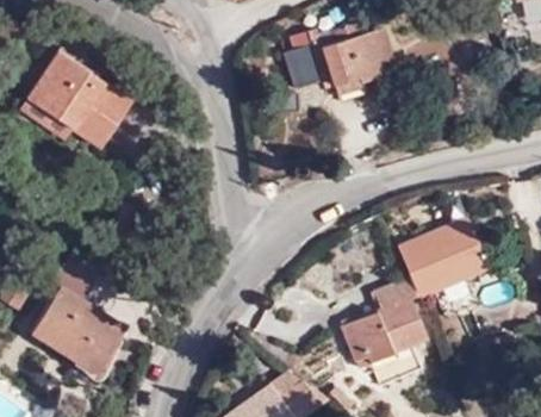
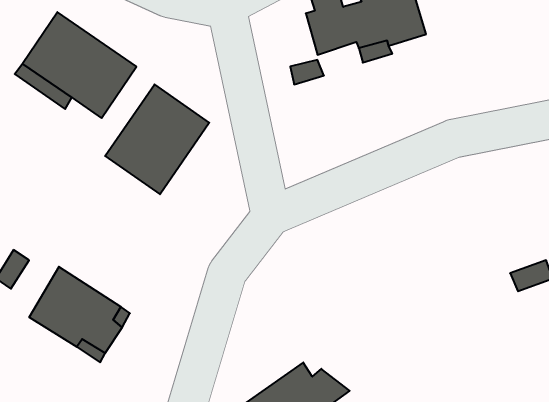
building: none -> [105,84,209,194]
building: [342,218,487,375] -> none

